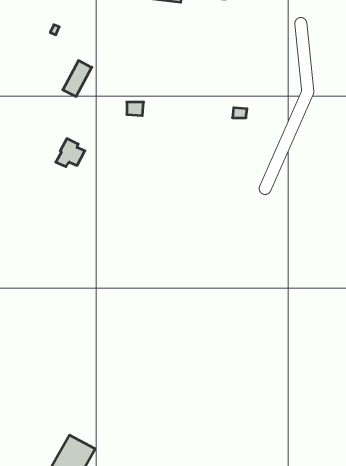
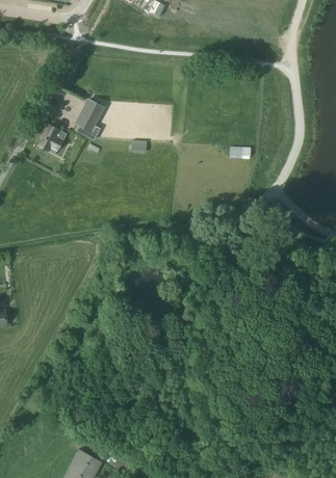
building: [56,139,85,167] -> [38,124,66,150]

